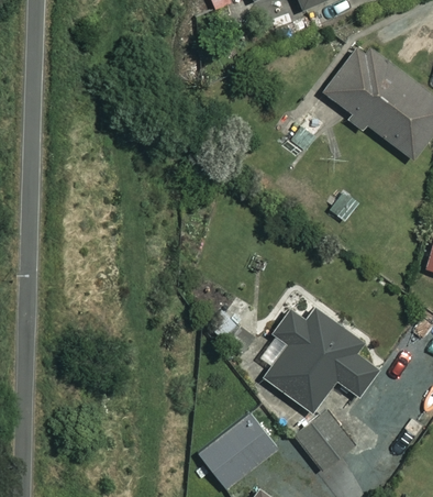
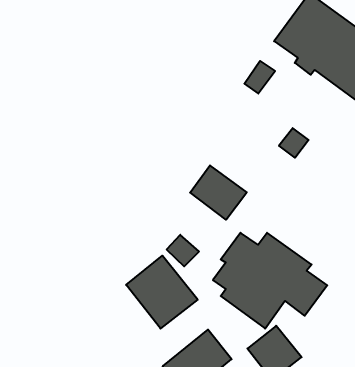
building: none -> [190,165,247,220]
building: none -> [126,256,198,329]

